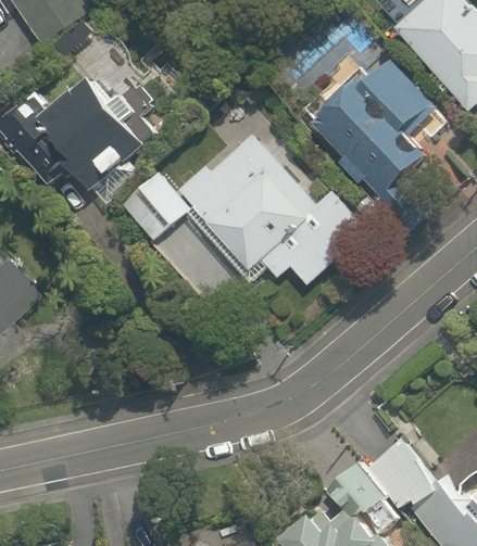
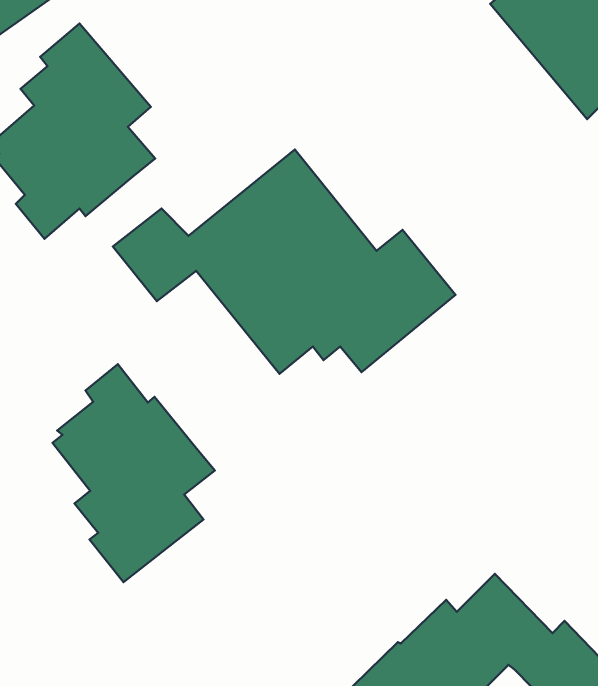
building: [307,62,438,202] -> none
building: none -> [52,364,215,582]

